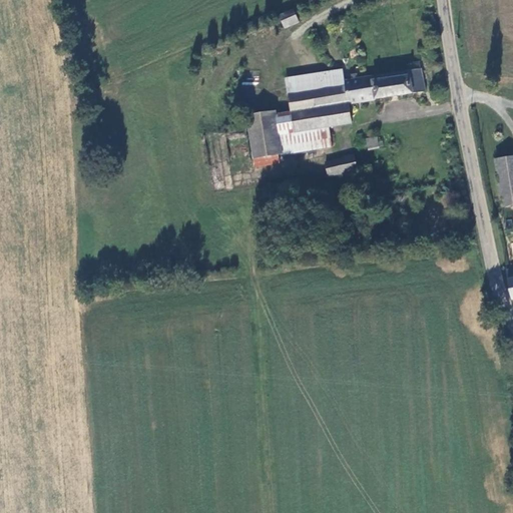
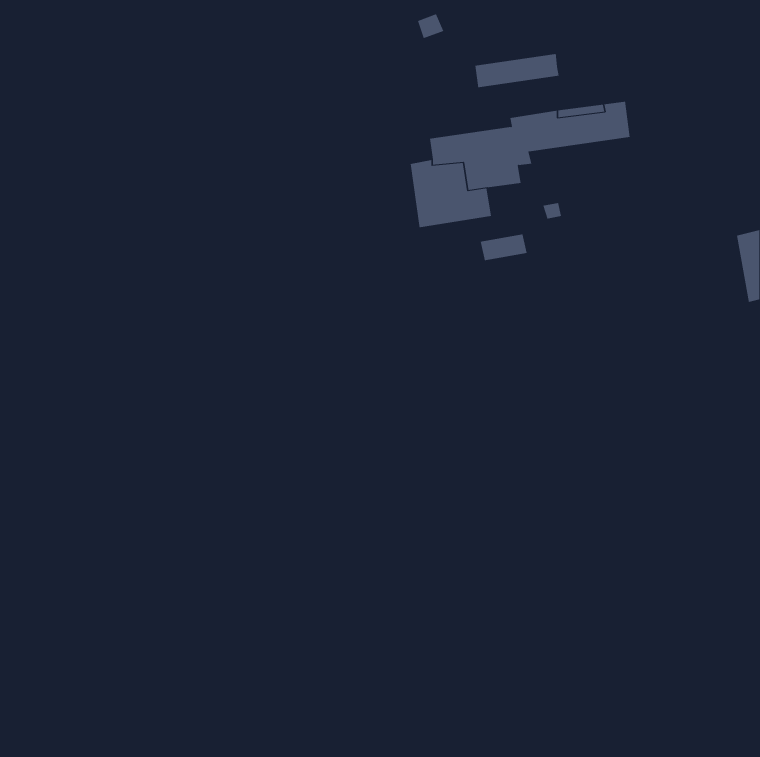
building: [287,70,344,93] -> [475,53,559,88]
building: [247,110,283,165] -> none

